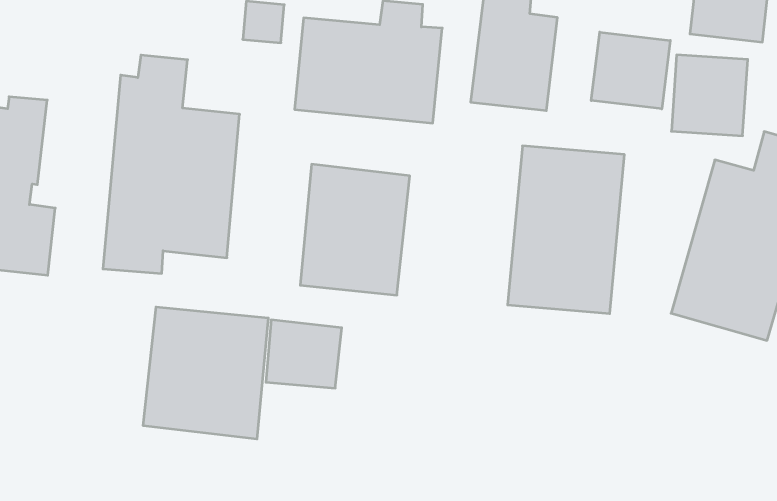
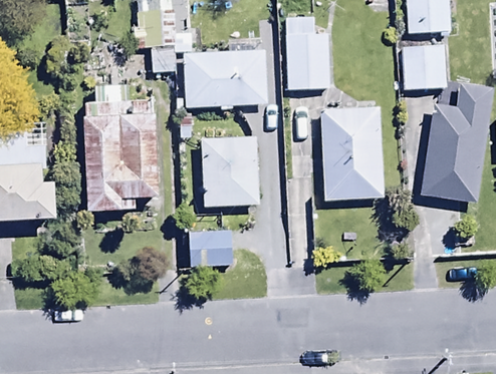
building: [591,32,670,109] -> none
building: [143,307,268,439] -> none

